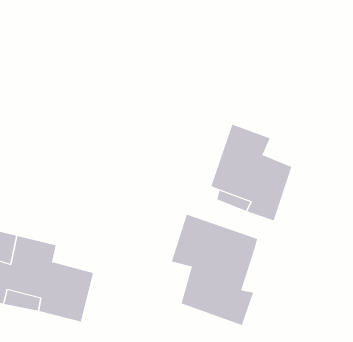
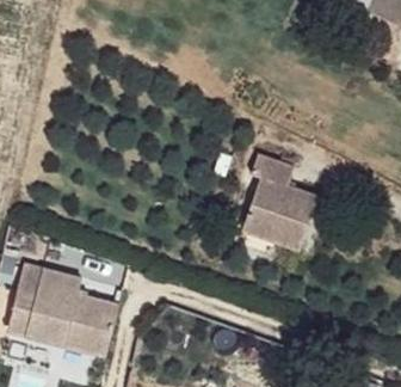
building: [171,214,258,326] -> none

